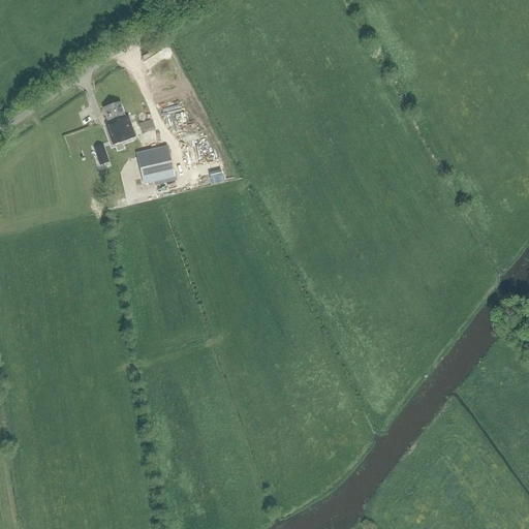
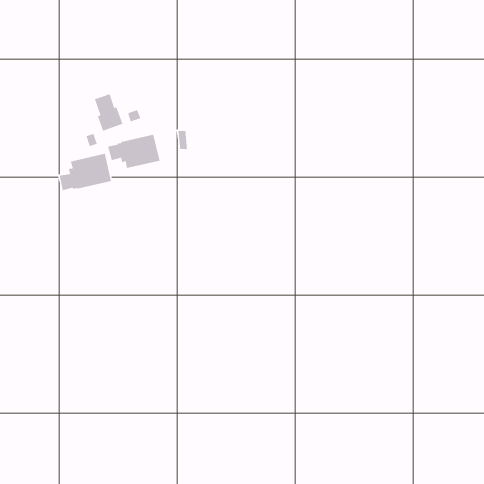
building: none -> [59,153,112,191]

